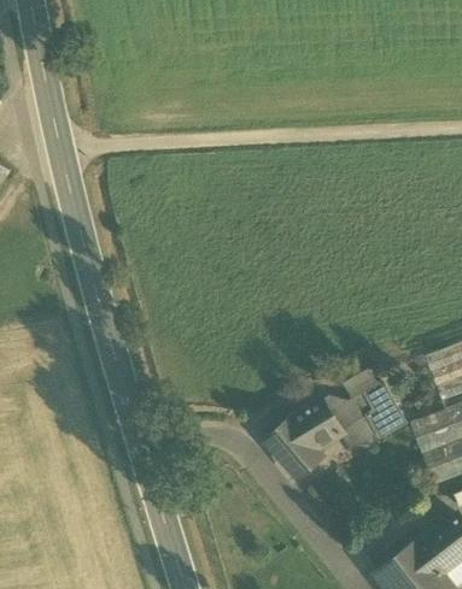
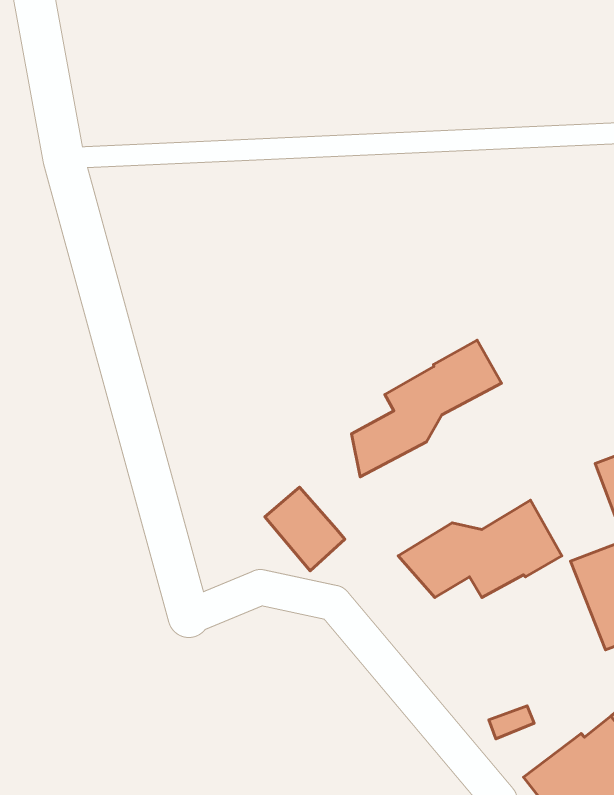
building: none -> [351,340,501,477]
building: [267,419,322,477] -> [265,487,345,571]

